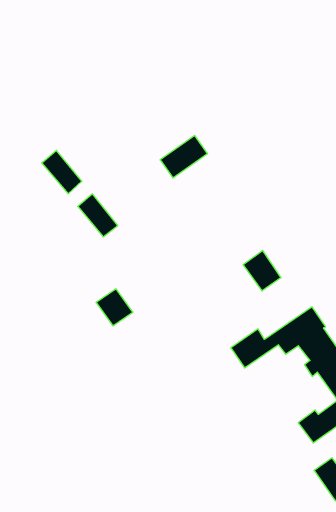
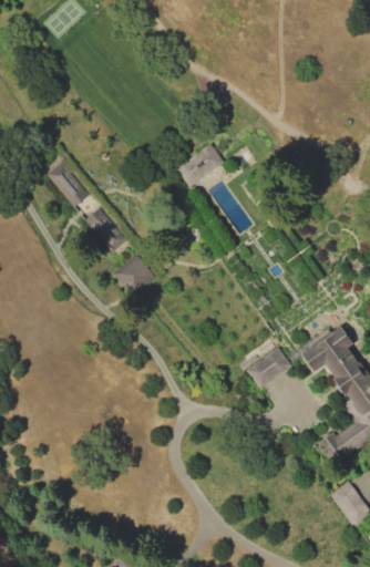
building: [243,250,281,291] -> none
building: [96,289,133,326] -> [115,257,154,296]

